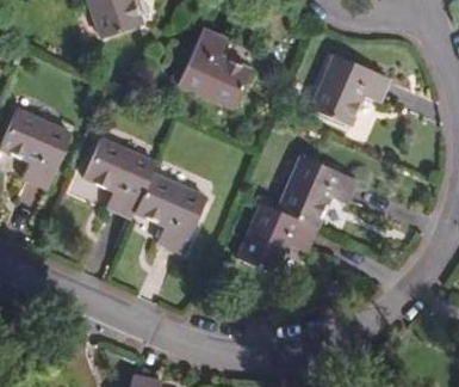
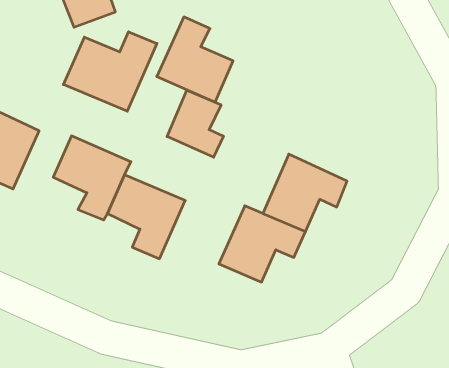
building: none -> [63,32,157,111]
building: [311,55,389,125] -> none
building: none -> [167,90,223,157]

